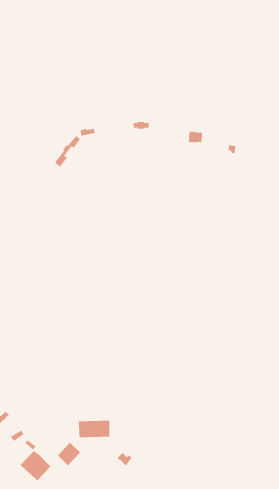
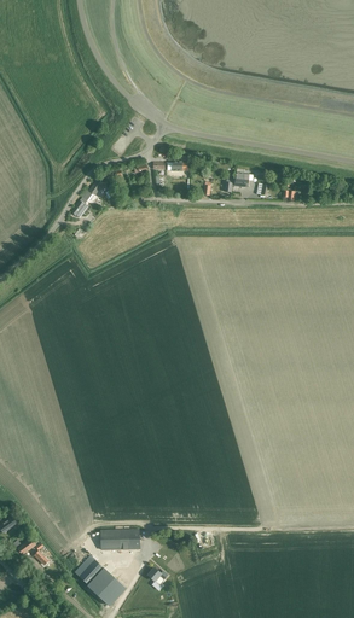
building: [20,451,51,481] -> [87,569,126,606]

